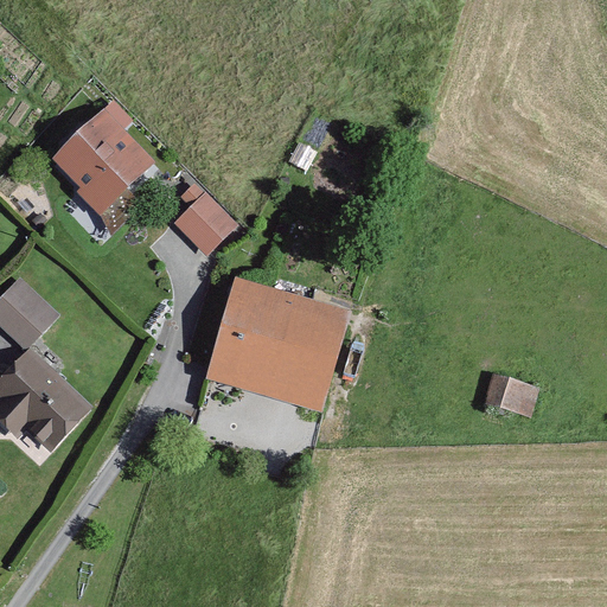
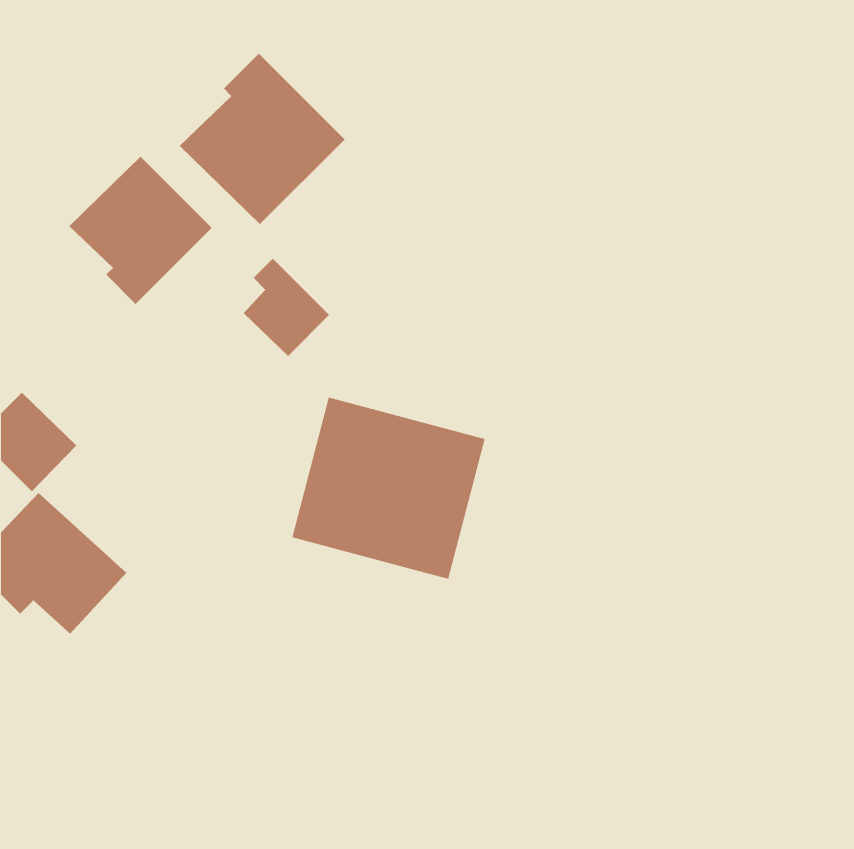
building: none -> [179,53,345,225]
building: [488,370,543,410] -> none

